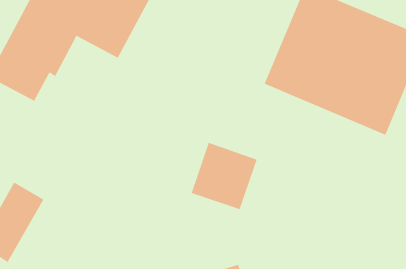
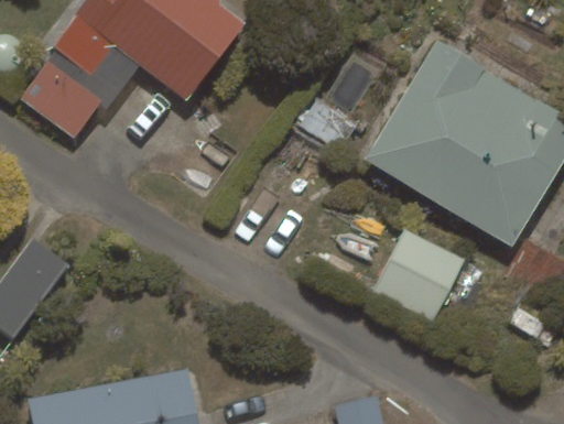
building: [191,142,258,210] -> [372,229,463,320]

